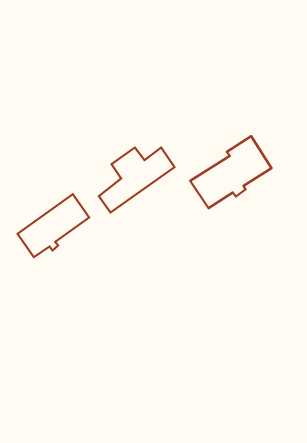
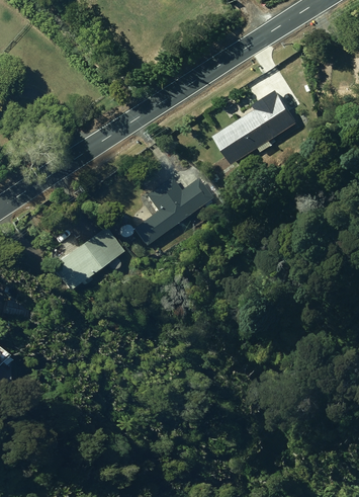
building: [190,136,272,208] -> [218,86,303,161]

